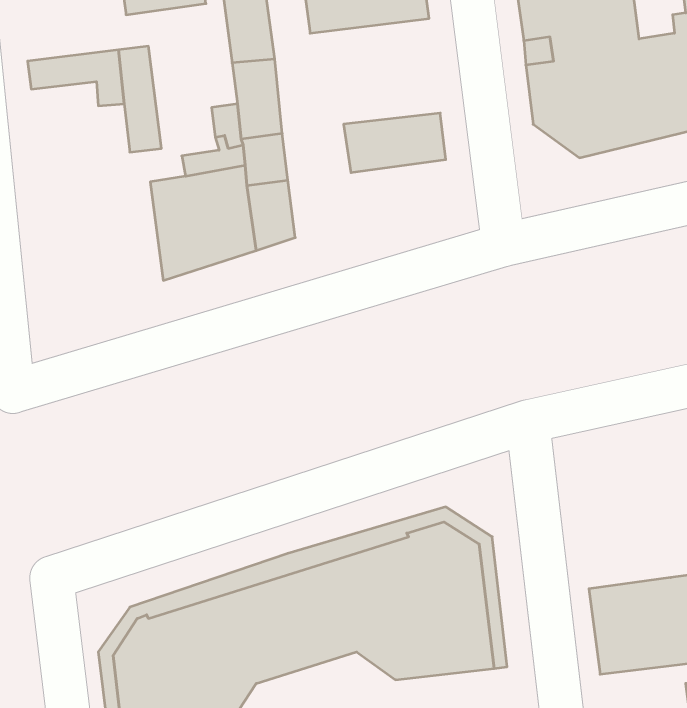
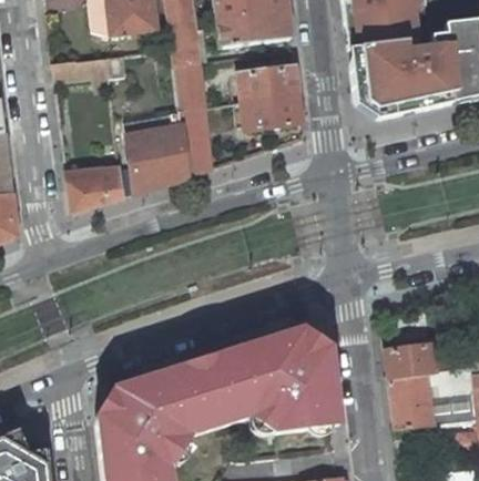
building: none -> [238,65,299,101]
building: none -> [67,162,124,213]
building: none -> [385,342,437,378]

